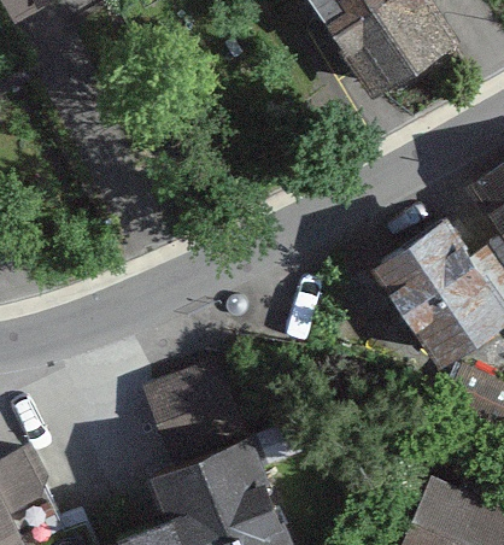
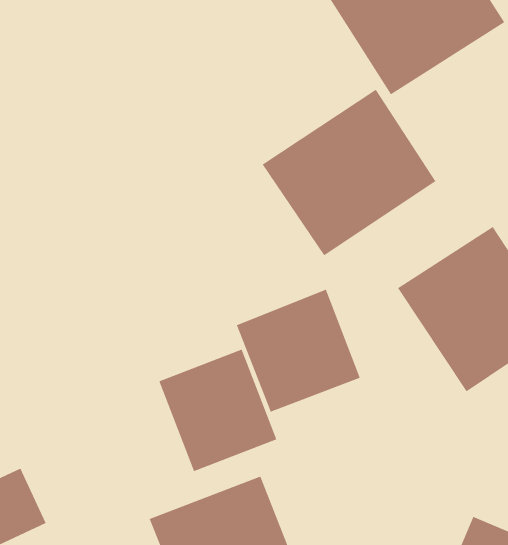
building: none -> [262,89,436,256]
building: none -> [236,289,361,412]

